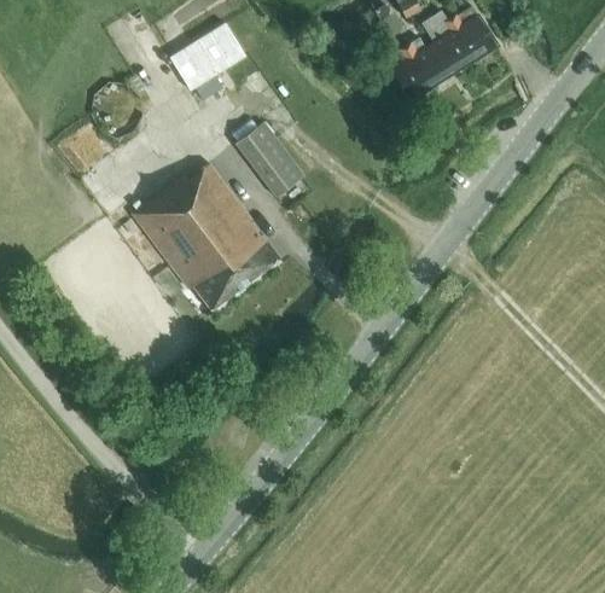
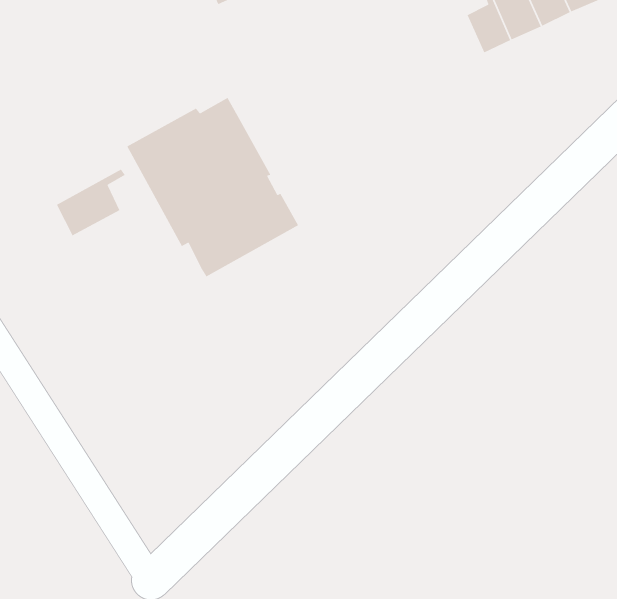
building: [234,121,304,197] -> none
building: none -> [56,169,126,236]

